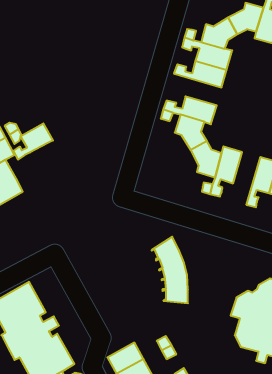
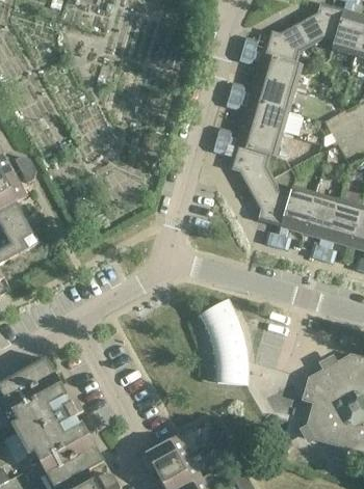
building: none -> [226,93,289,134]
building: [14,123,53,160] -> none
building: none -> [304,193,338,260]

